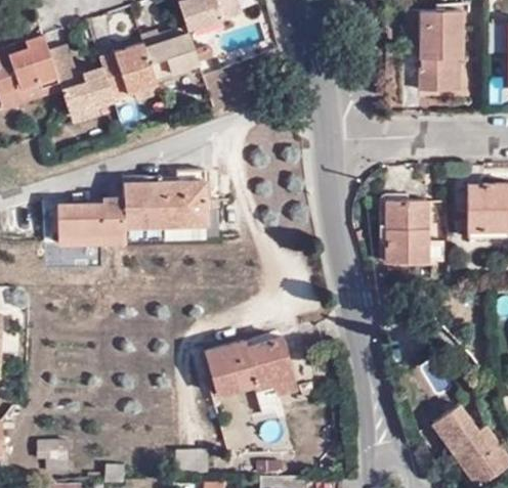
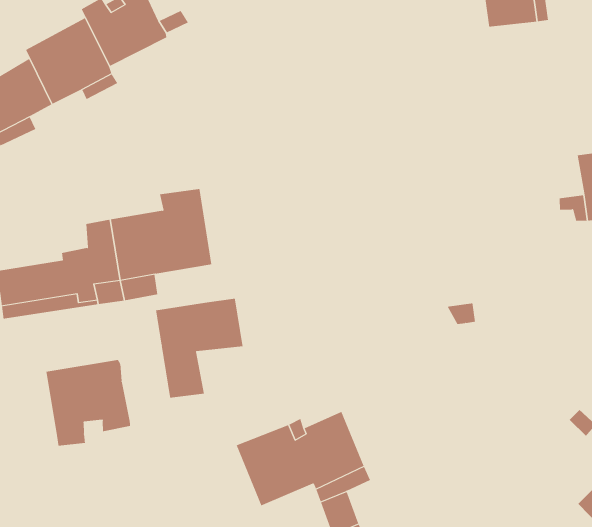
building: [384,202,427,263] -> none
building: none -> [155,298,243,399]
building: none -> [46,359,130,447]

